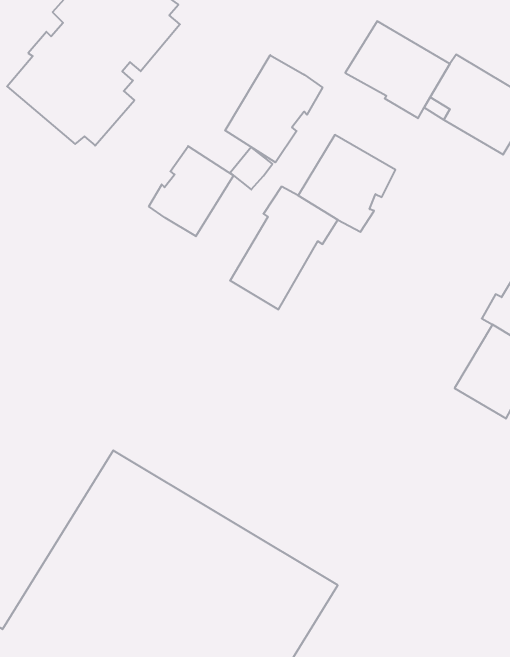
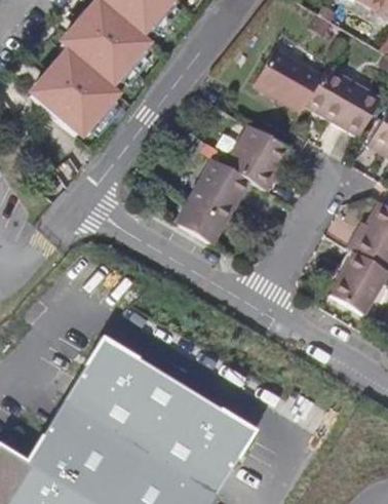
building: [225,55,322,162] -> none
building: [149,146,233,236] -> none

